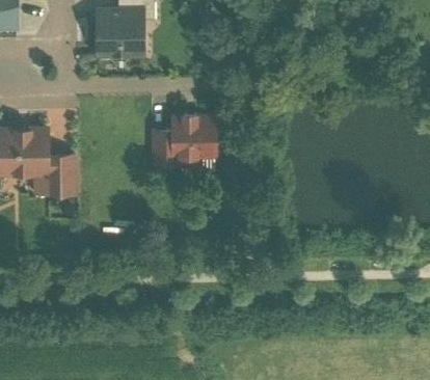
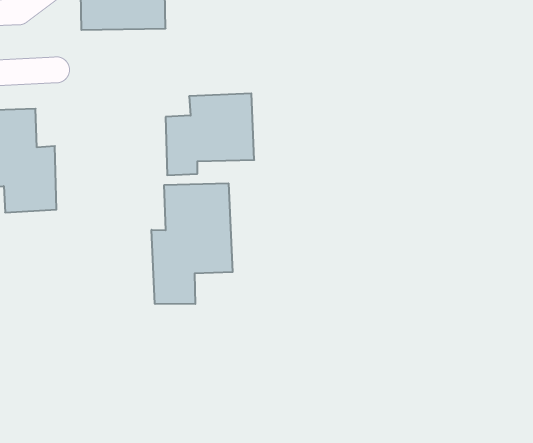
building: none -> [152,183,233,304]

